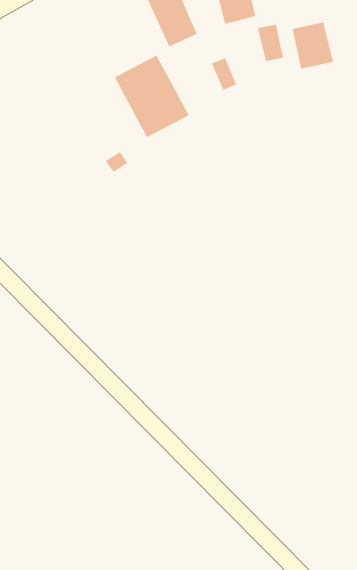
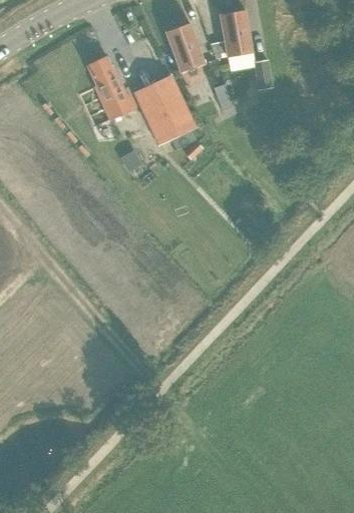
building: [292,22,334,70] -> none
building: none -> [87,56,135,119]

